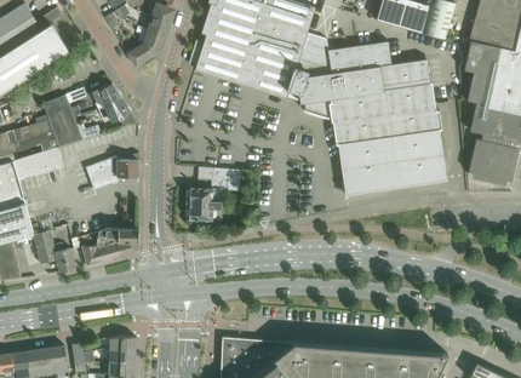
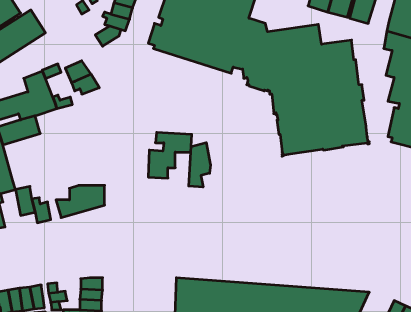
building: [86,153,138,190] -> none
building: none -> [189,143,211,187]

